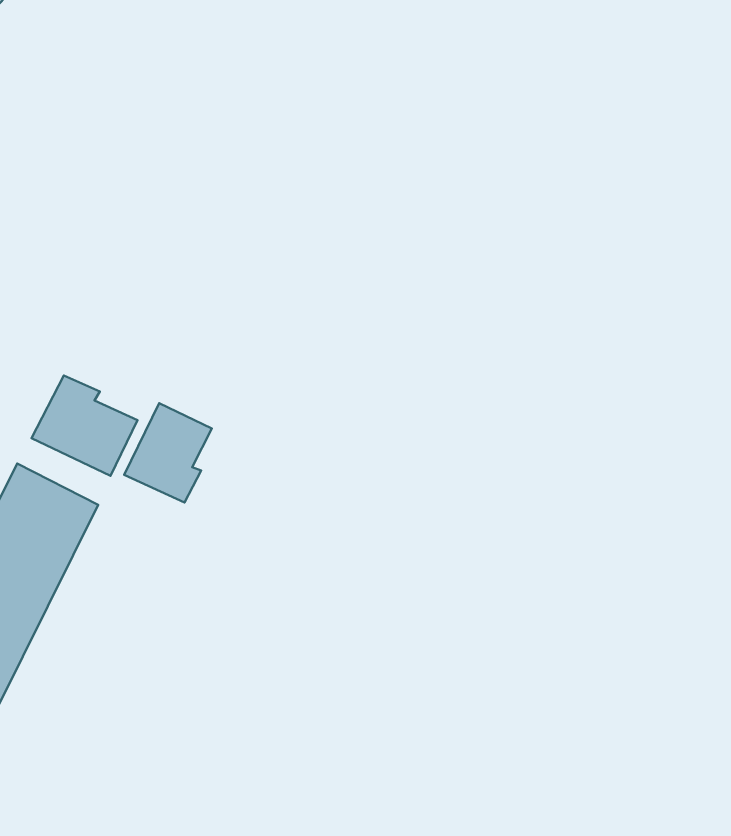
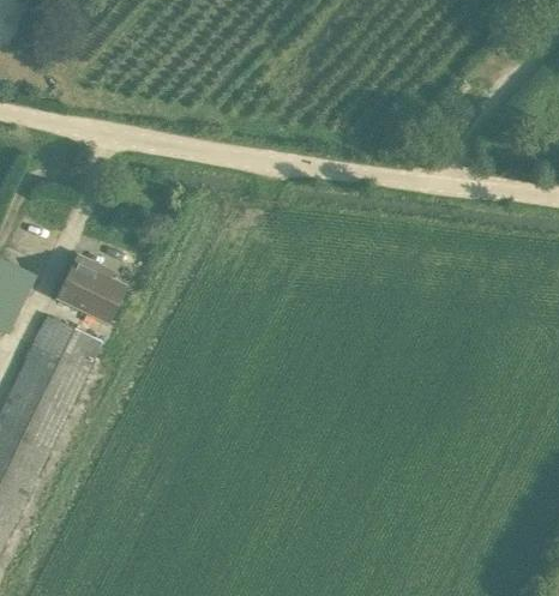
building: [124,403,212,503] -> none

